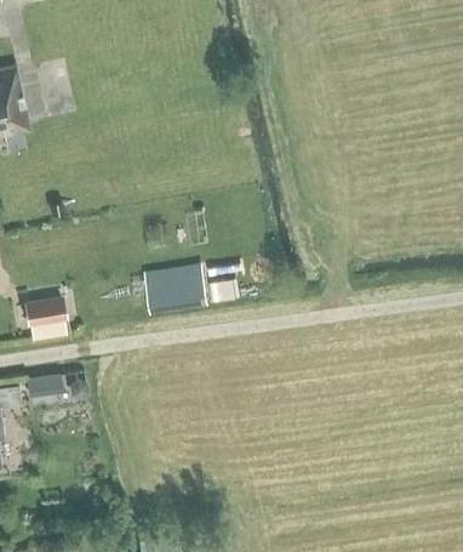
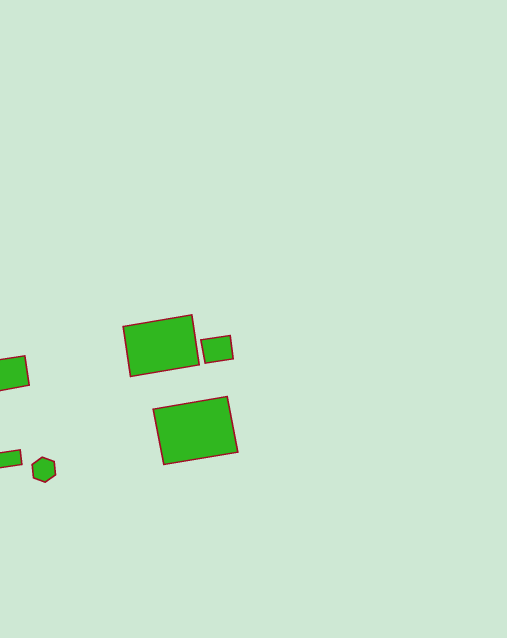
building: none -> [153,397,238,465]

